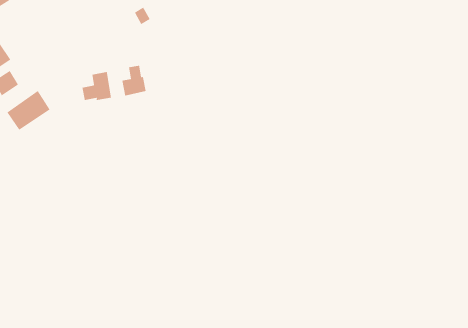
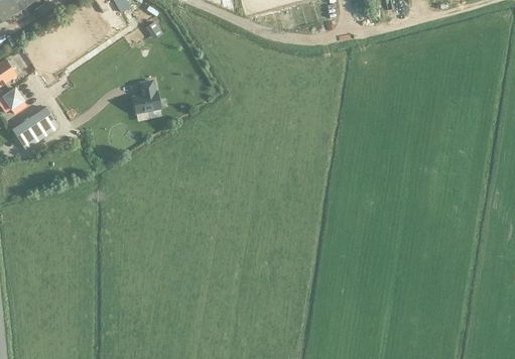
building: [82,71,112,101] -> none

